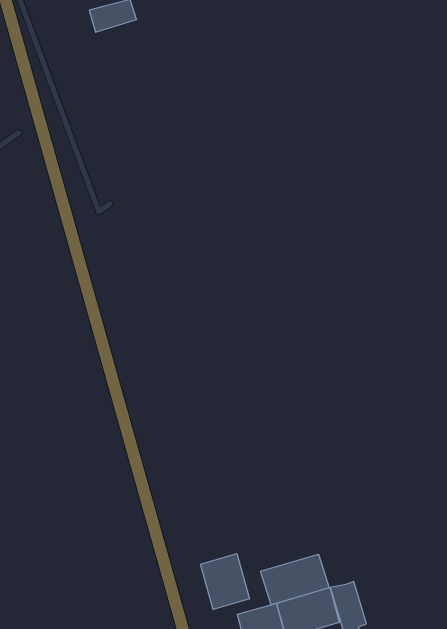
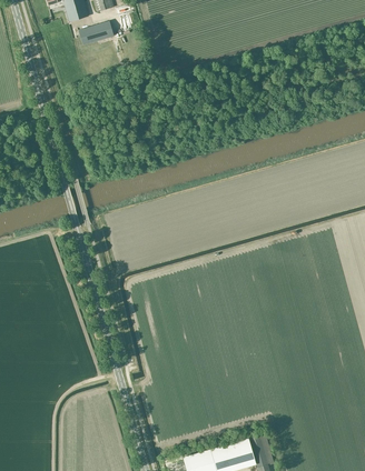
building: [201,554,249,610] -> none
building: [261,554,329,605] -> none

